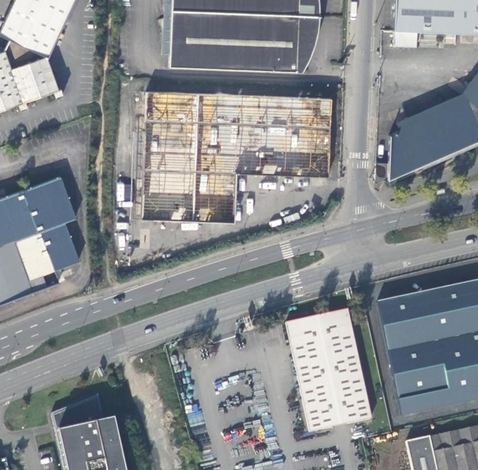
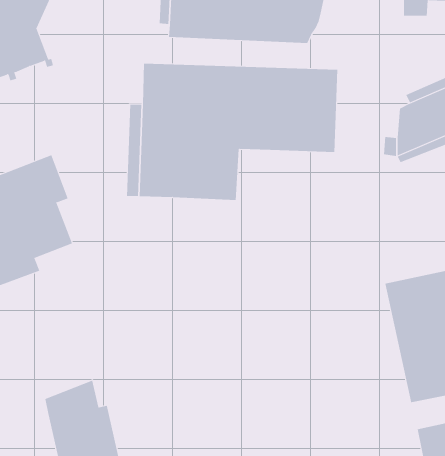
building: [286,308,373,432] -> none

